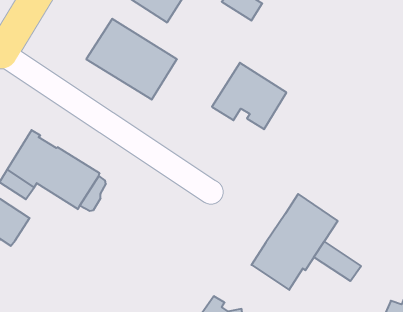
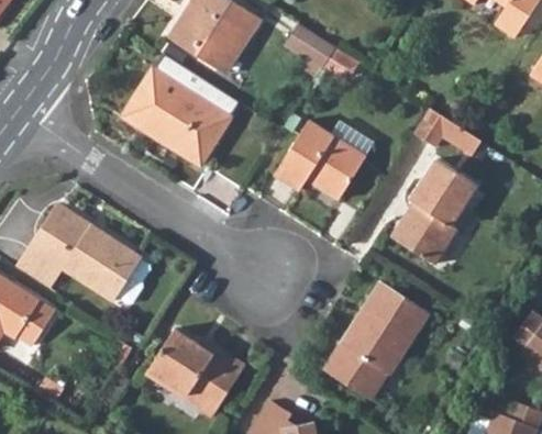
building: none -> [416,107,484,155]
building: none -> [398,159,479,265]
building: none -> [146,329,246,419]
building: [314,242,361,281] -> none

